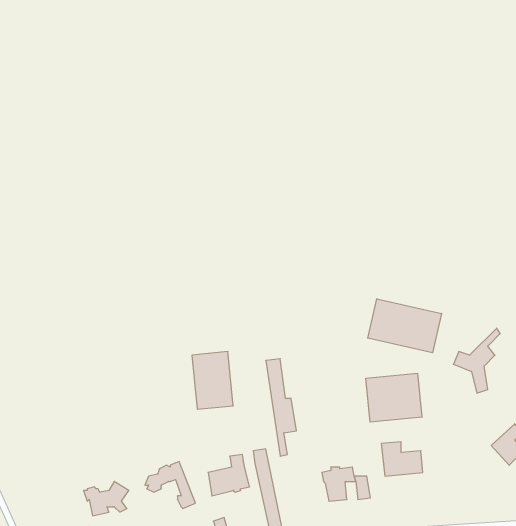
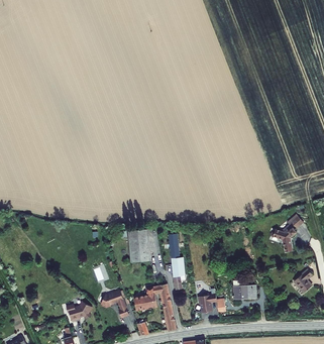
building: [368,299,442,353] -> none
building: [366,373,422,422] -> none

